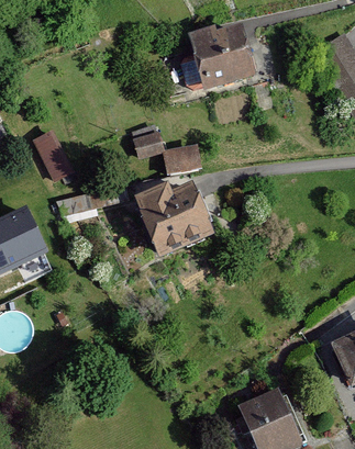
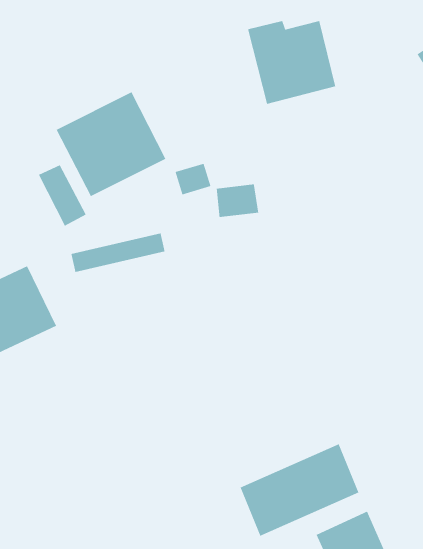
building: none -> [56,91,167,197]
building: [136,183,213,256] -> none
building: none -> [239,443,359,537]

